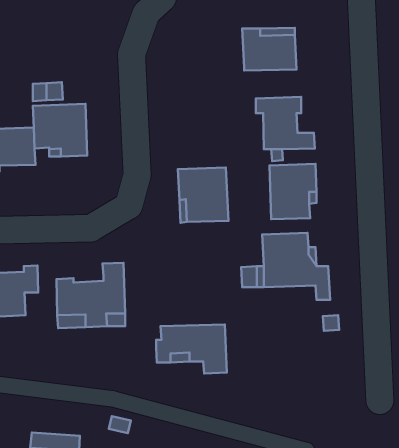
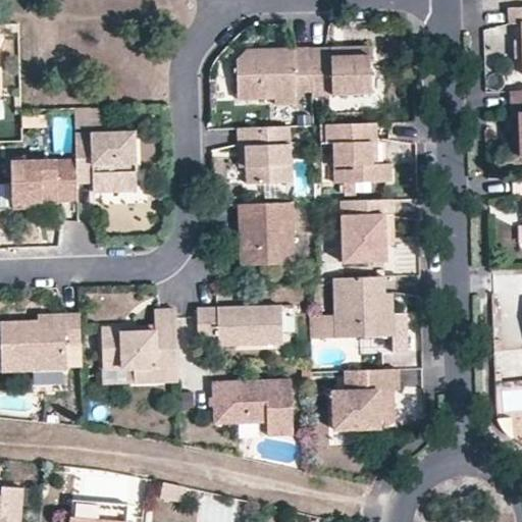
building: none -> [236,47,312,99]
building: none -> [238,126,291,184]
building: none -> [197,305,282,345]
building: none -> [332,369,399,429]

